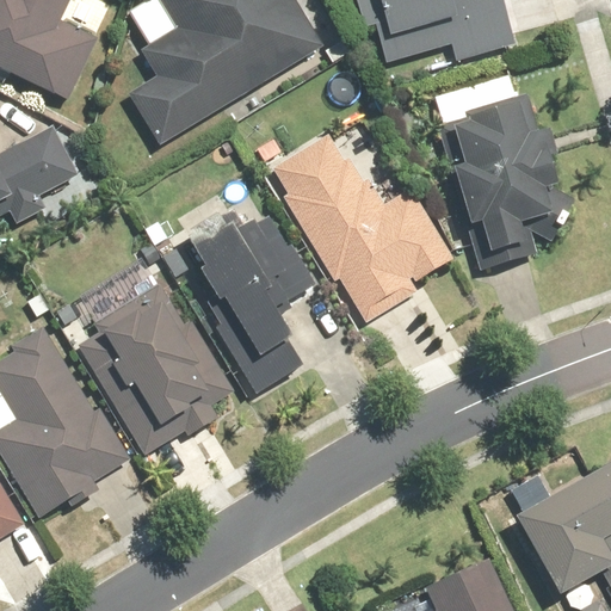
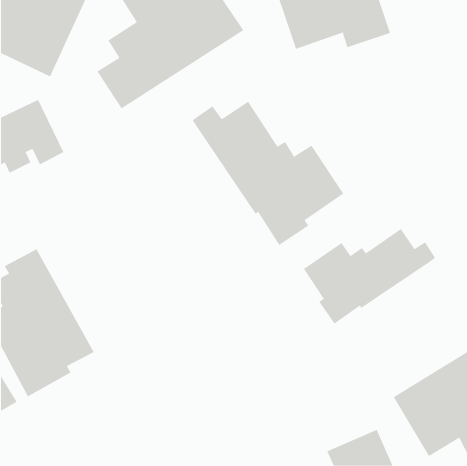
building: [434,76,563,276] -> none
building: [184,204,309,395] -> none
building: [95,285,236,459] -> none
building: none -> [303,228,436,325]

